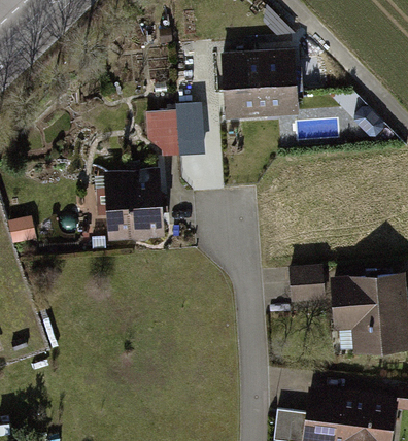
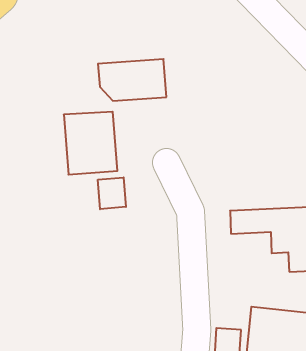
building: [223,52,300,115] -> none
building: none -> [98,177,126,209]

